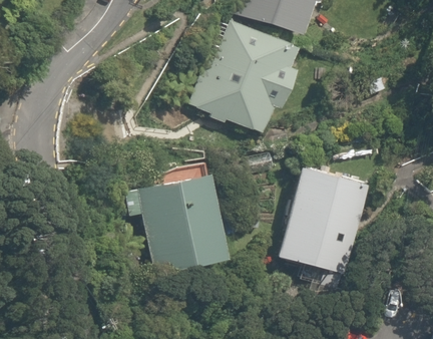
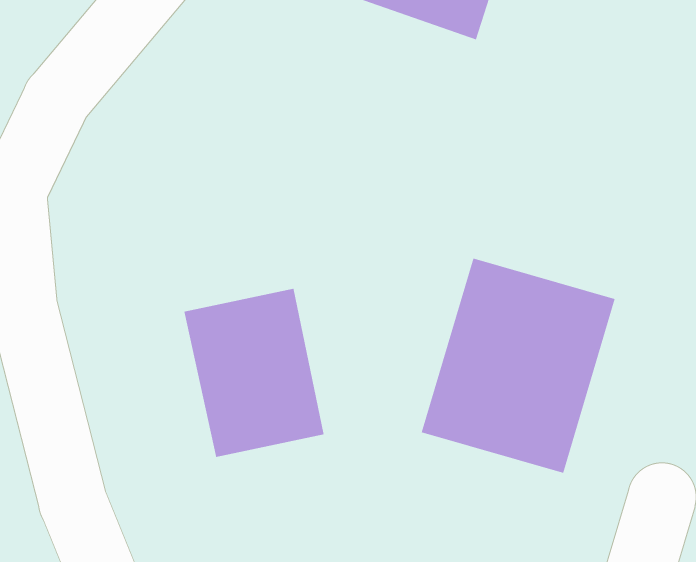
building: [185,20,307,136] -> none

